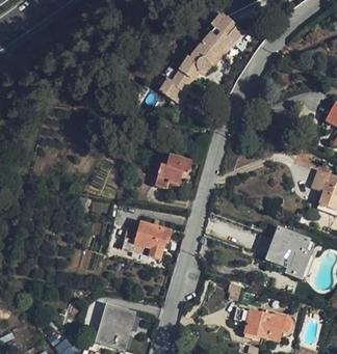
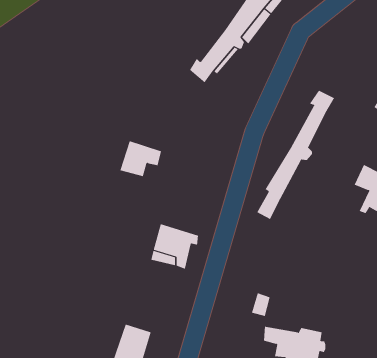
building: none -> [257,90,335,220]
building: [160,151,197,182] -> [119,140,162,177]
building: [262,226,305,276] -> none

